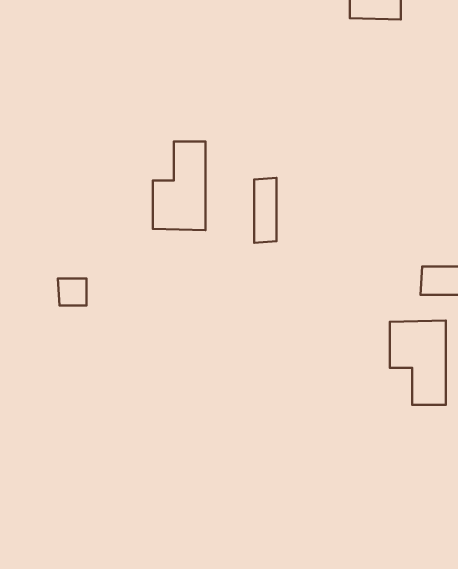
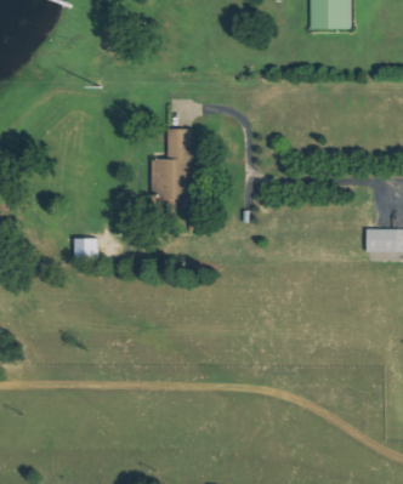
building: [254,178,276,243] -> none
building: [390,320,446,405] -> none

